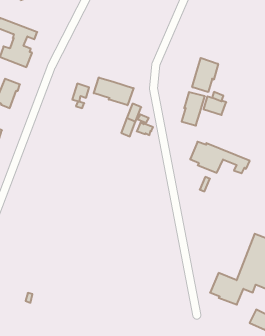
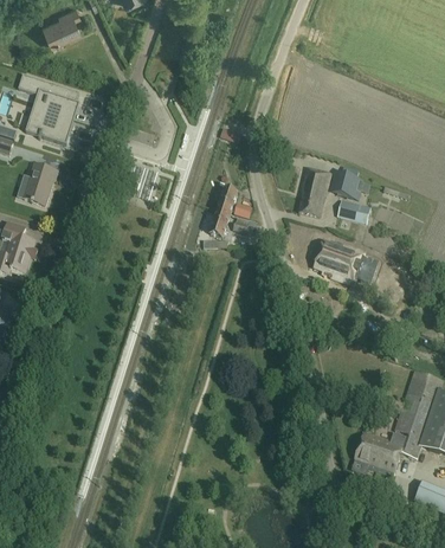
building: [192,58,218,92] -> none
building: [94,77,134,105] -> none
building: none -> [336,200,369,224]

